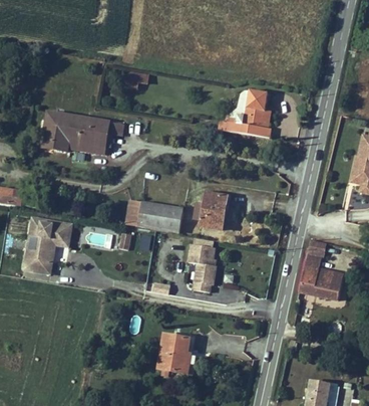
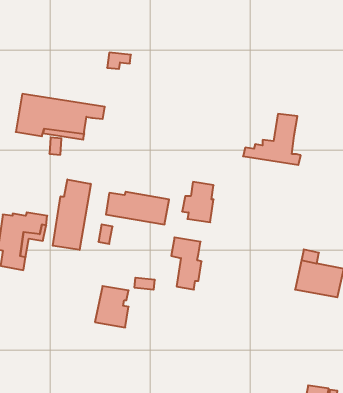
building: [218,90,271,138] -> [243,114,301,165]
building: none -> [53,179,91,250]
building: [158,335,190,373] -> [95,286,129,327]

